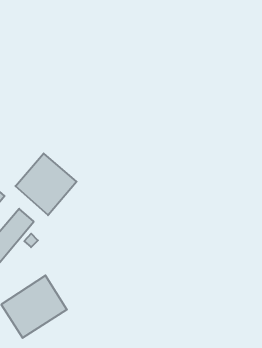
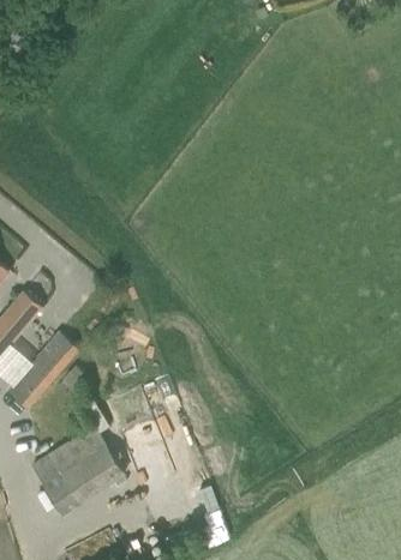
building: [15,153,77,215] -> none

